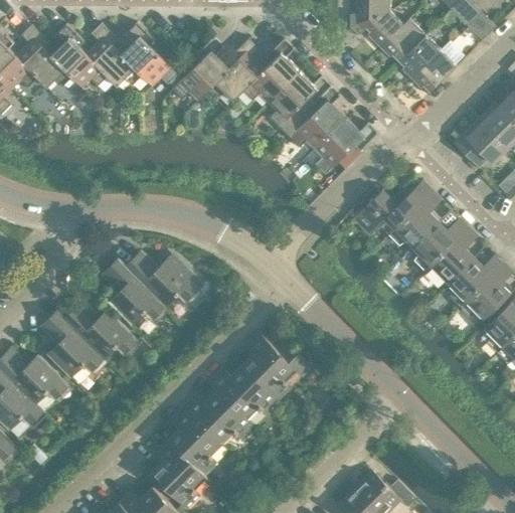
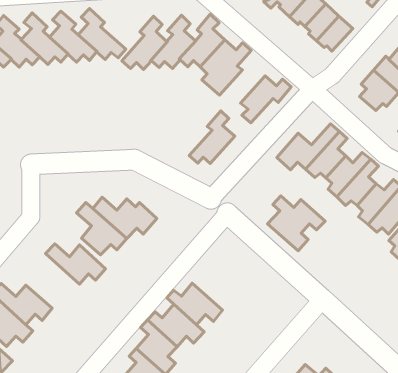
building: [289,86,346,149] -> [189,111,235,163]
building: [44,311,104,376] -> none
building: [241,332,312,400] -> [268,196,325,251]

